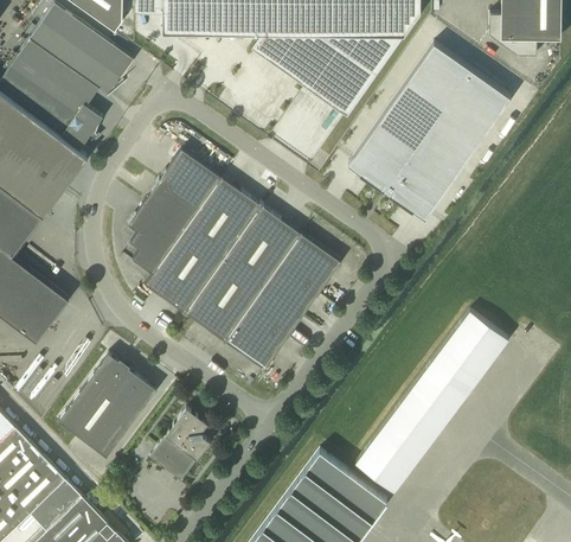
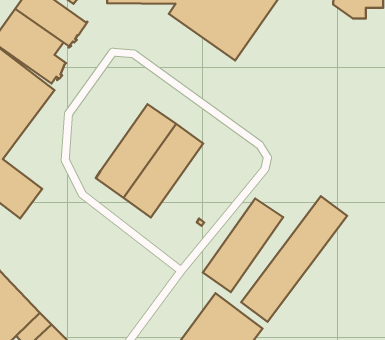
building: [358,37,521,213] -> none
building: [127,148,219,273] -> none
building: [224,234,340,369] -> [203,198,283,292]
building: [57,353,155,457] -> none
building: [149,408,208,480] -> none

